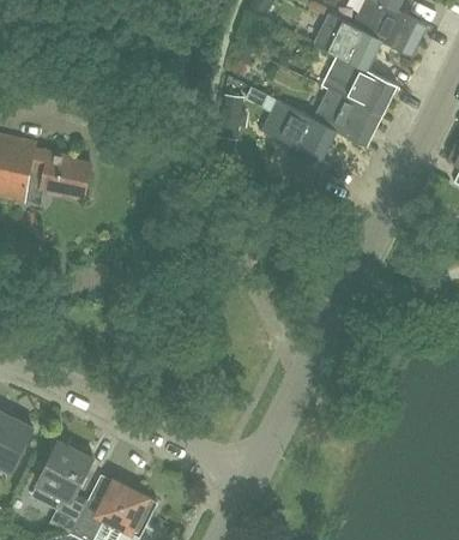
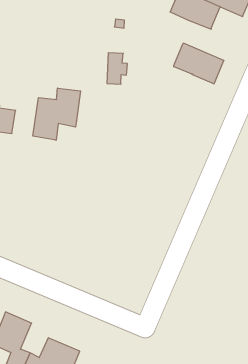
building: [321,56,397,115] -> none
building: [260,100,337,184] -> none
building: none -> [33,88,81,140]

